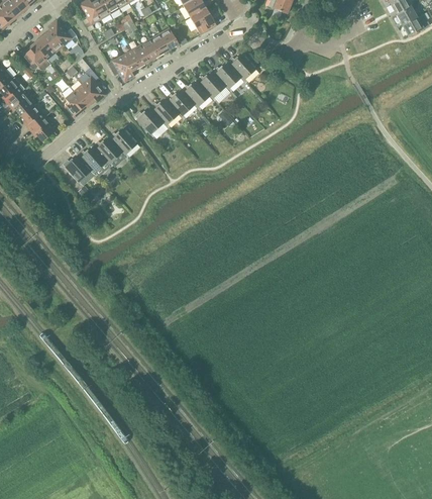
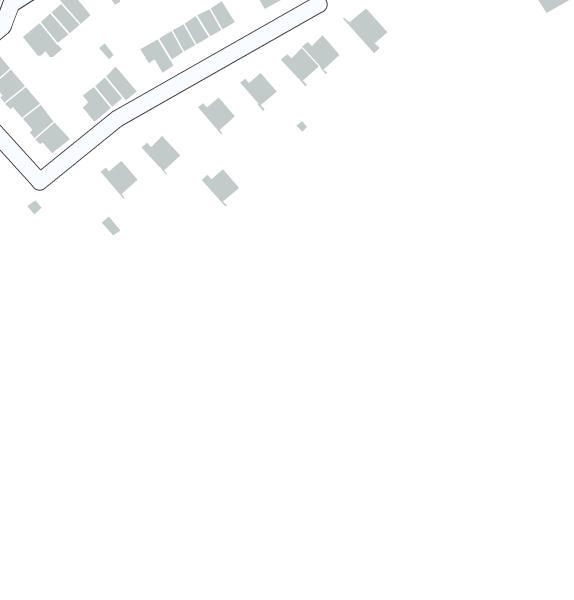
building: none -> [342,7,388,54]
building: [196,72,225,101] -> none
building: [166,89,195,119] -> none
building: [134,107,164,136] -> [201,167,240,207]
building: [93,137,122,167] -> none
building: [62,155,91,185] -> none

